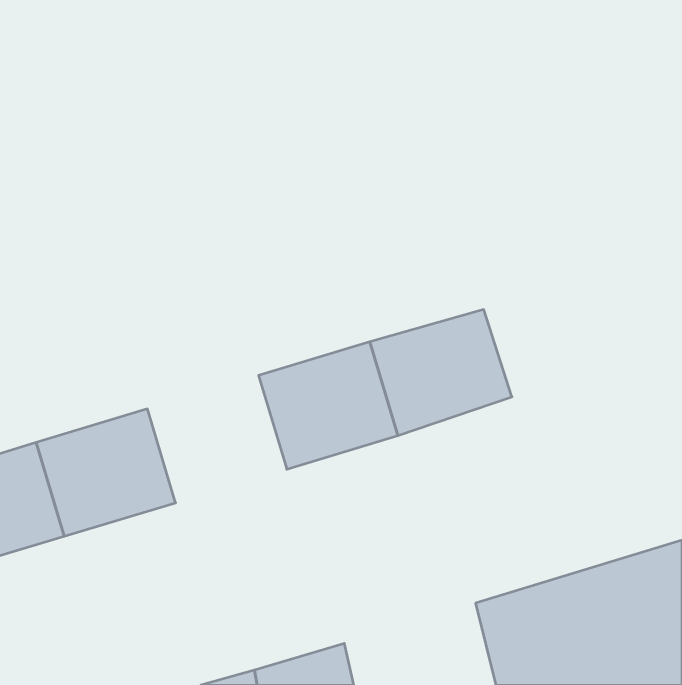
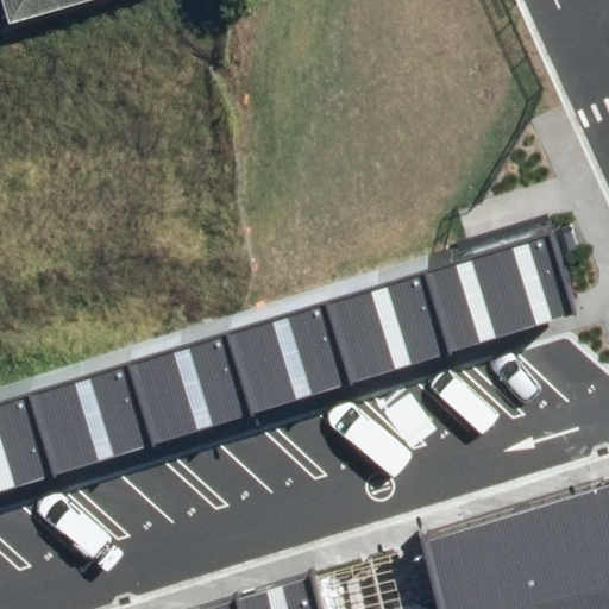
building: none -> [429,236,572,352]
building: none -> [131,333,255,446]

